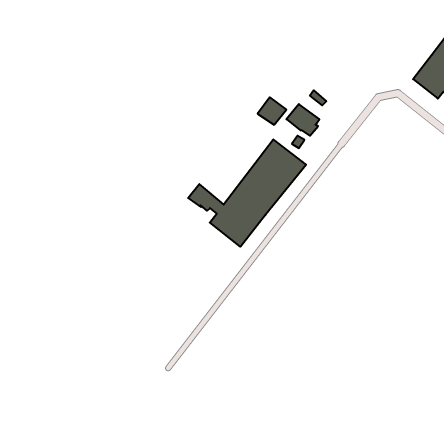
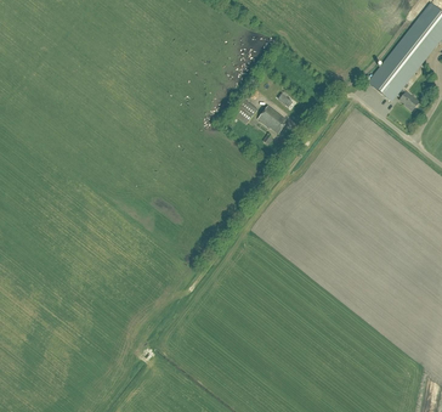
building: [188,139,306,247] -> none

